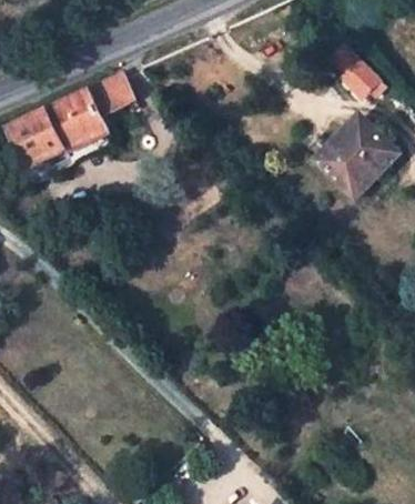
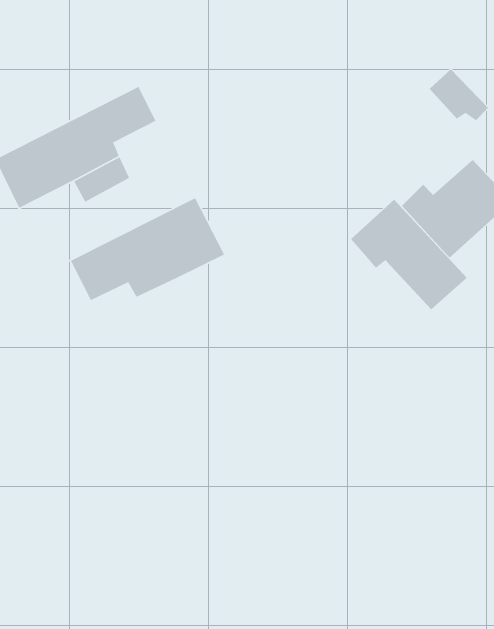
building: none -> [70,197,225,301]
building: none -> [350,199,467,310]

